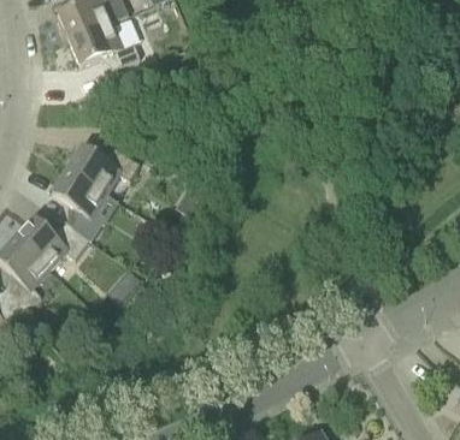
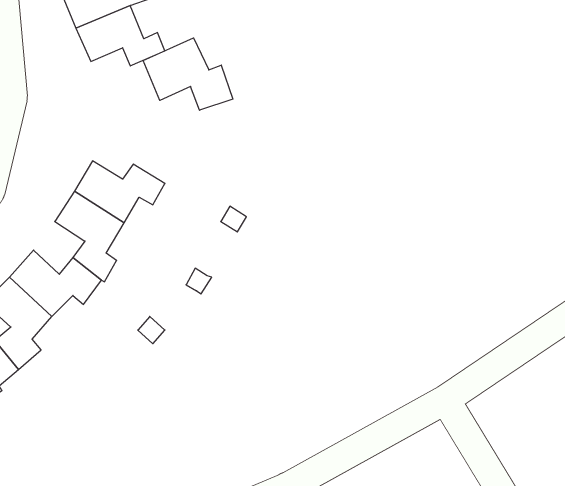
building: none -> [143,38,233,110]

